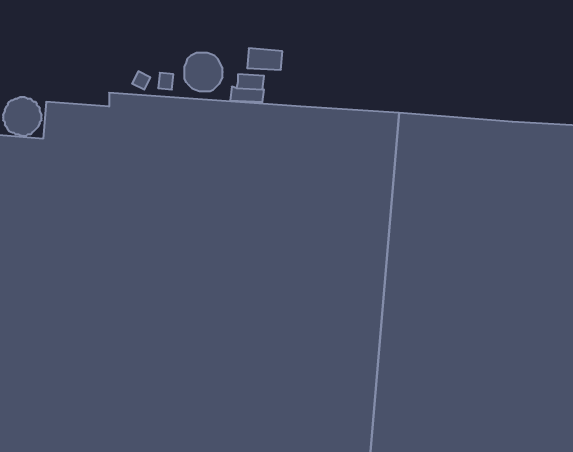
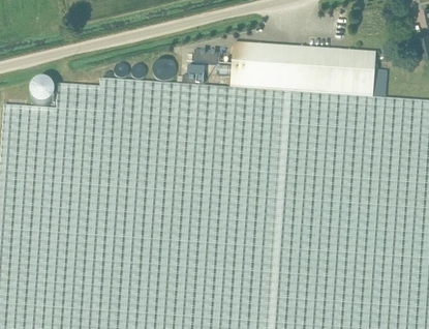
building: none -> [229,46,375,100]

